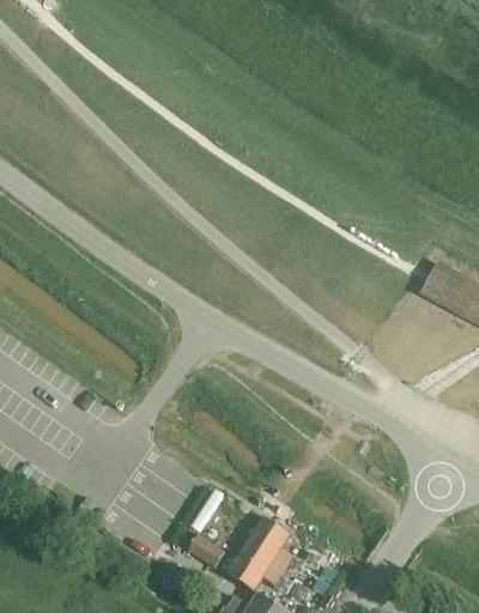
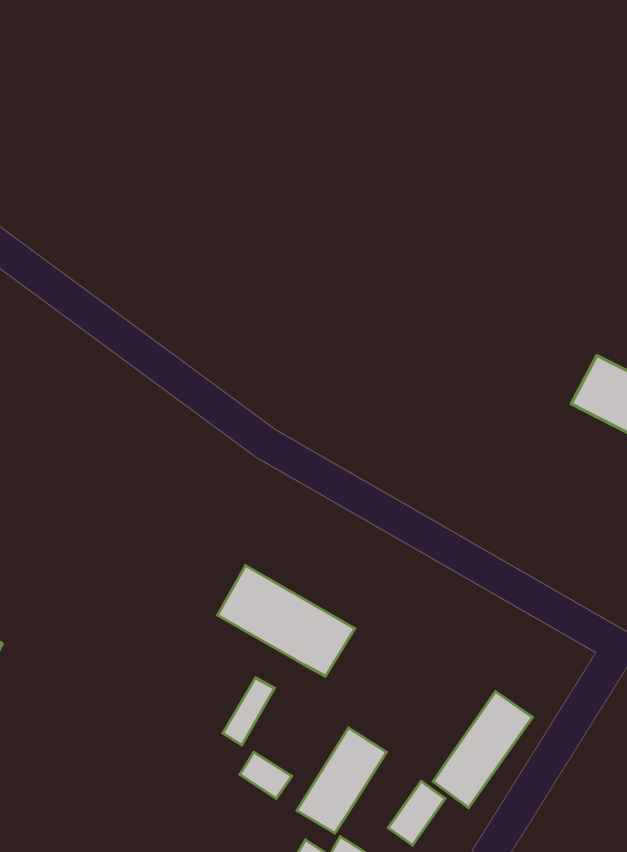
building: none -> [217,566,355,676]
building: none -> [433,692,532,808]

